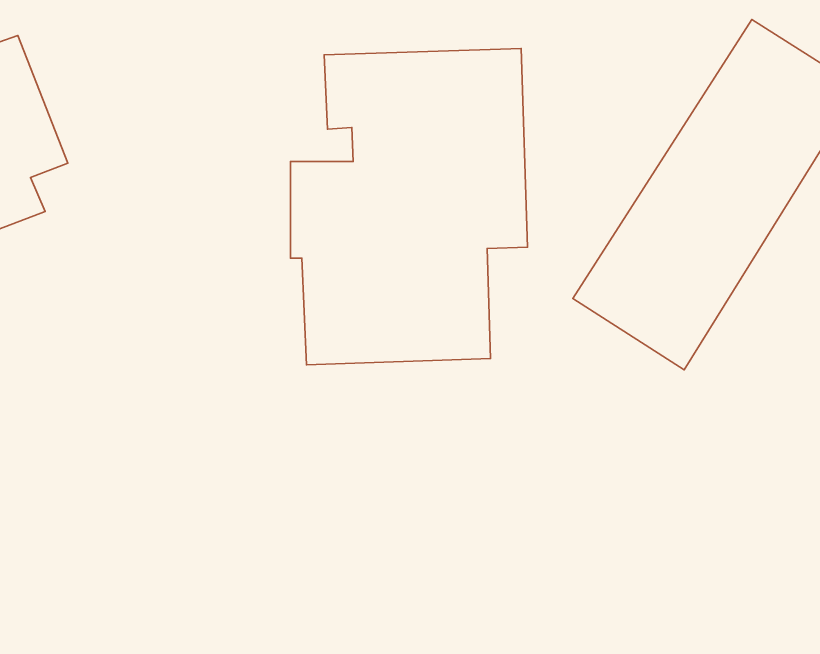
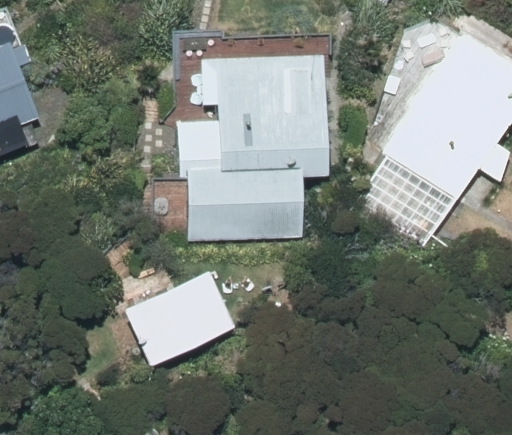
building: none -> [122,262,235,359]

